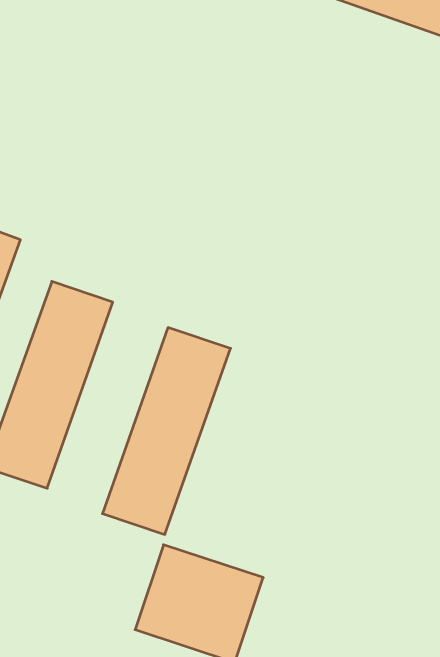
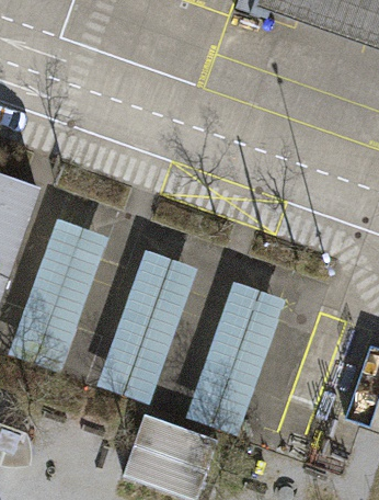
building: none -> [187,280,282,432]

